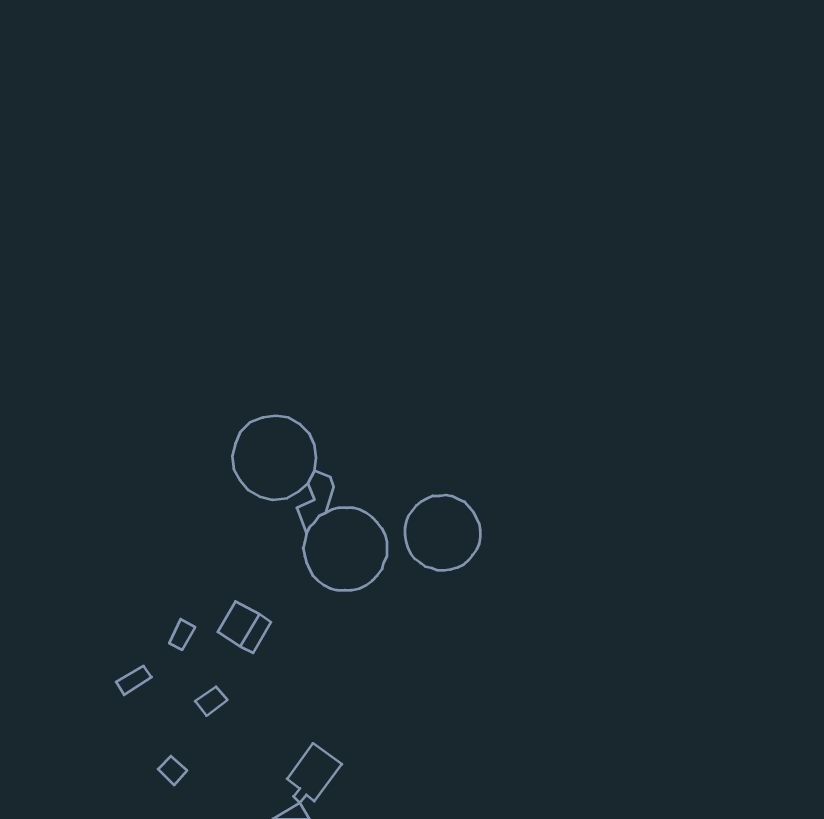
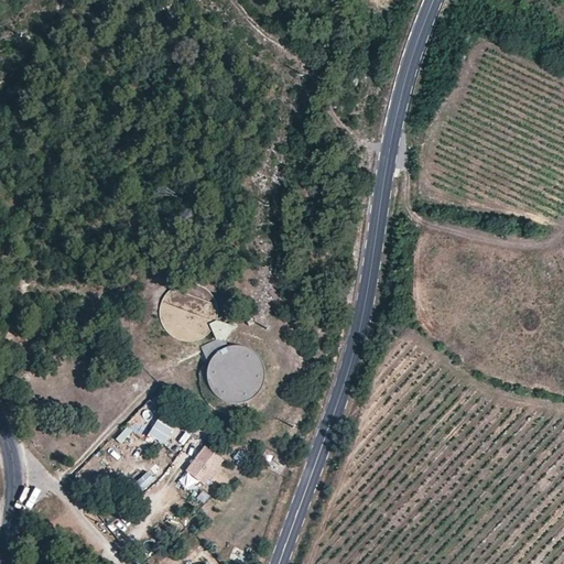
building: [405,495,480,570] -> none
building: [287,743,342,803] -> [185,445,223,486]

